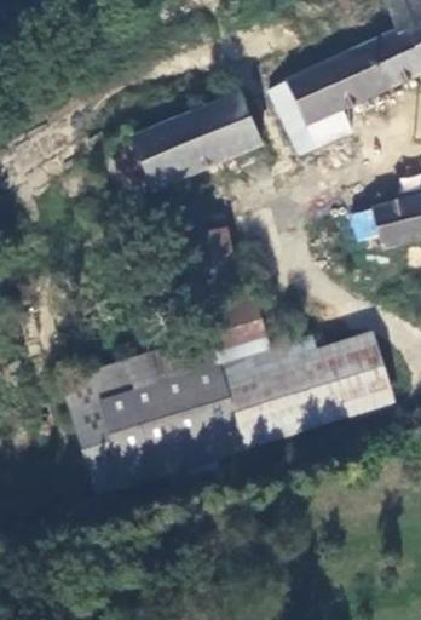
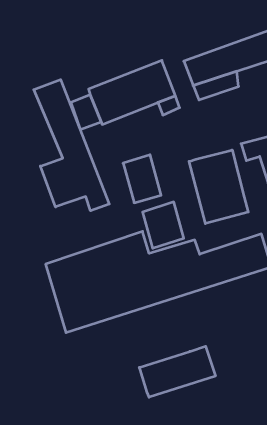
building: none -> [34,80,109,211]
building: none -> [189,150,248,224]
building: none -> [139,346,215,397]

